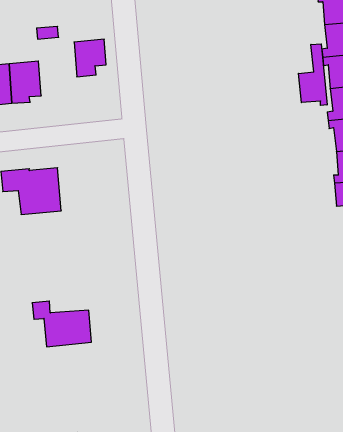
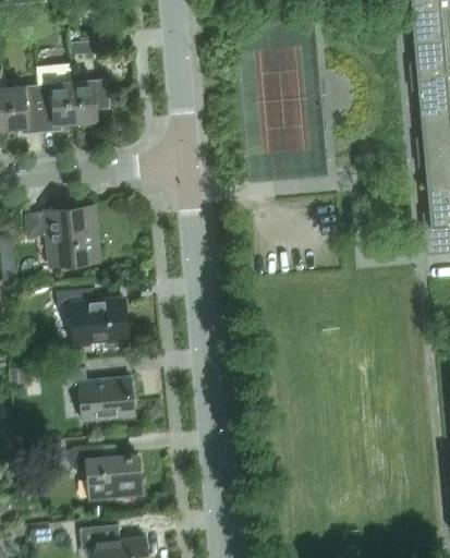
building: [74,39,106,77] -> [73,78,111,123]
building: [298,44,327,105] -> none
building: none -> [58,289,129,343]
building: none -> [72,446,143,500]

